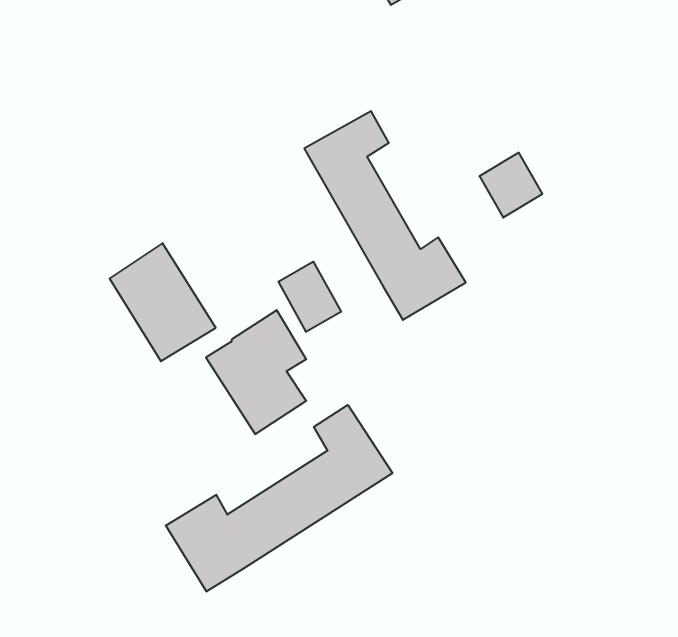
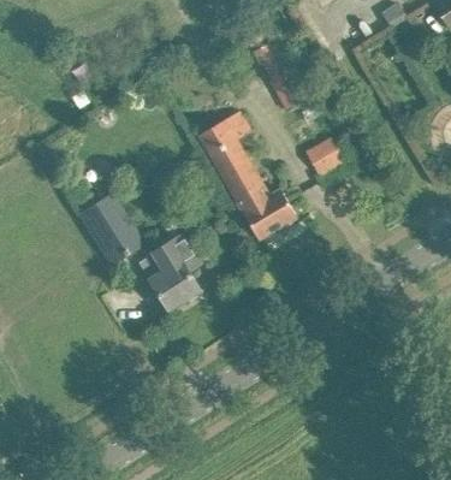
building: [278,262,341,332] -> none
building: [166,405,392,592] -> none

